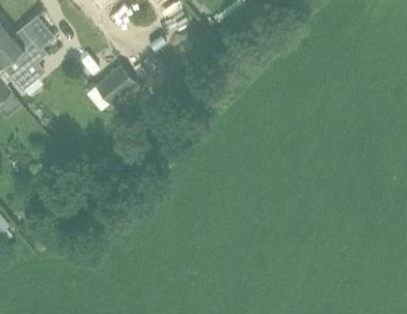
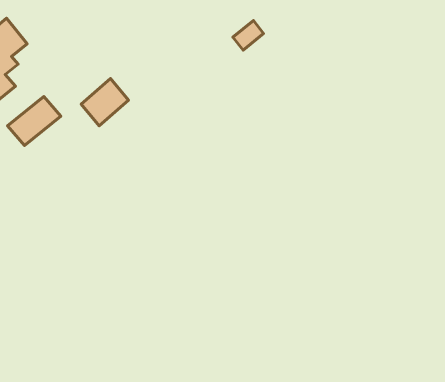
building: none -> [7,96,61,146]

